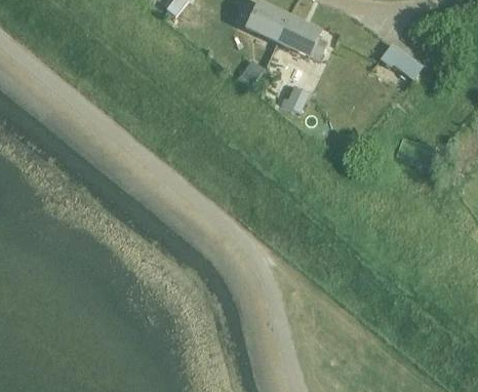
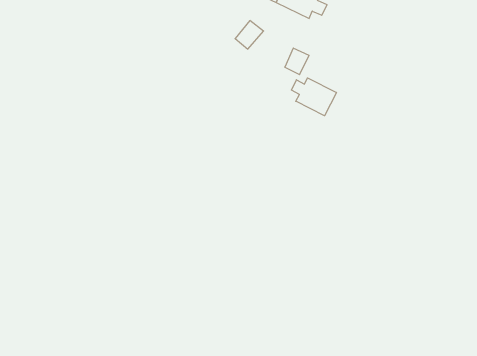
building: [383,43,423,78] -> none
building: none -> [291,78,336,116]

